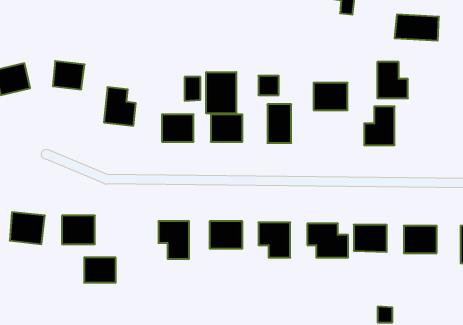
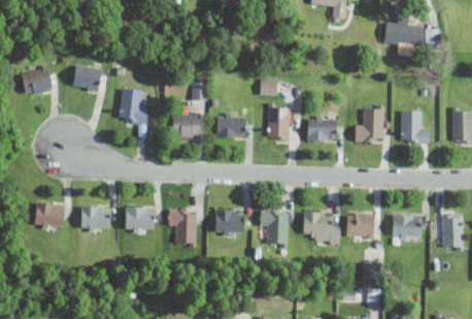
building: [377,62,408,98] -> [401,109,429,142]
building: [206,72,236,113] -> none
building: [314,83,348,110] -> [307,116,338,140]
building: [84,258,116,283] -> [126,208,155,230]

